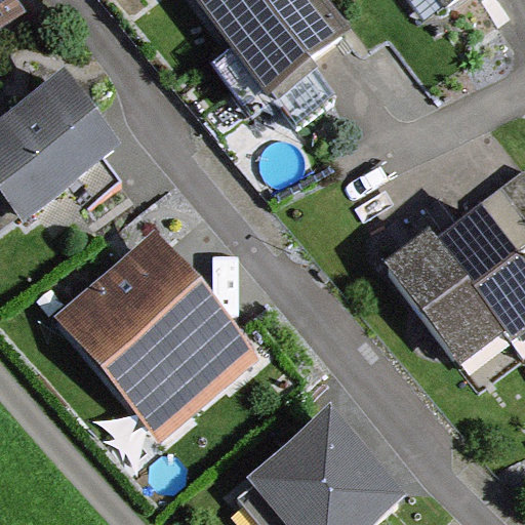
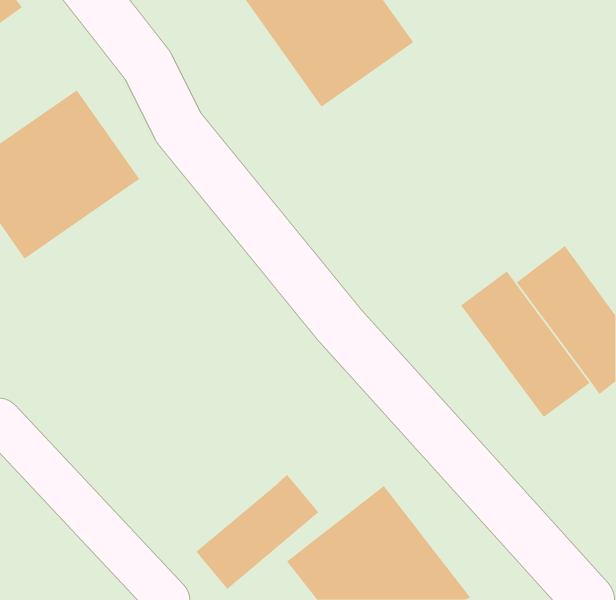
building: [62,237,257,435] -> none
building: none -> [195,474,319,590]

